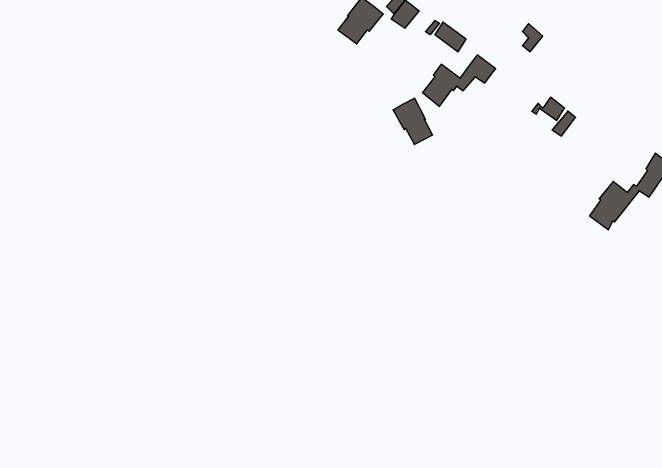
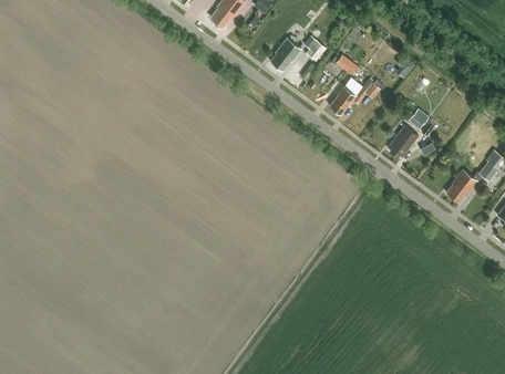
building: [393,98,433,145] -> none
building: none -> [389,125,419,157]

